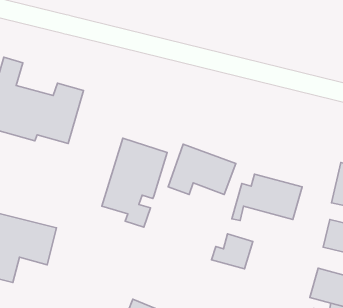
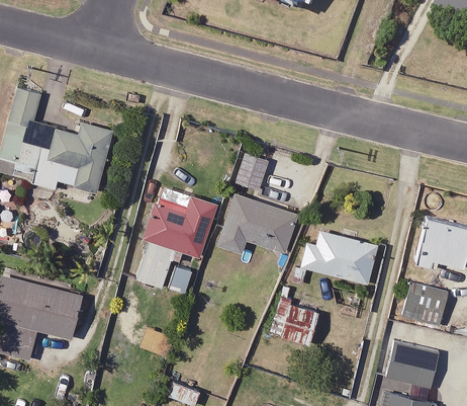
building: none -> [236,155,269,191]

